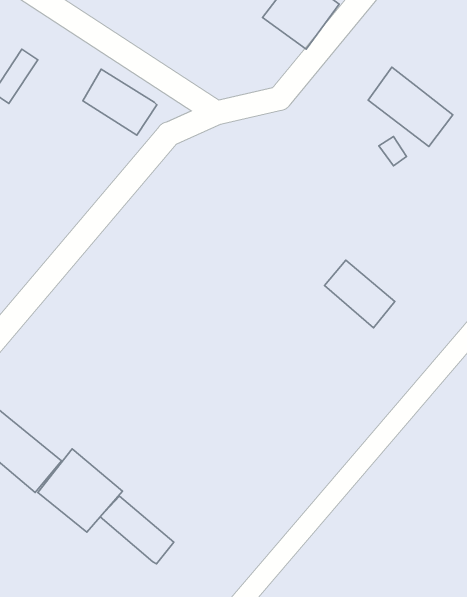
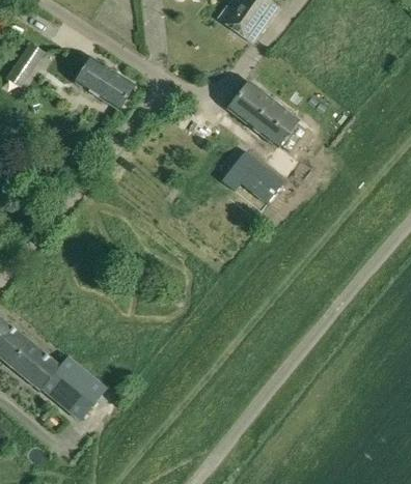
building: [368,67,453,147] -> [229,82,296,144]
building: [325,260,395,328] -> [229,152,284,205]
building: [100,496,174,564] -> none

